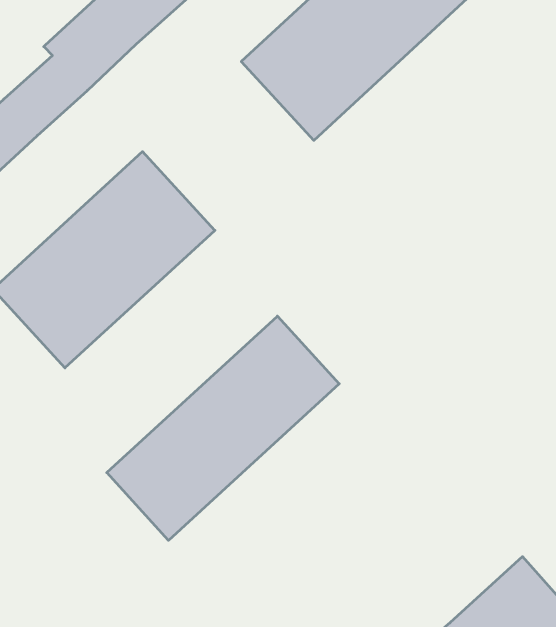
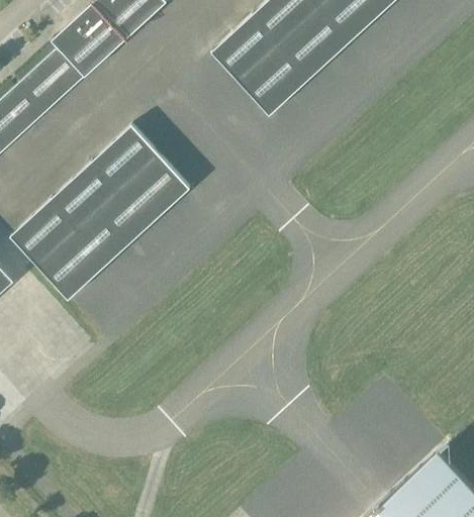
building: [107,316,339,540] -> none

